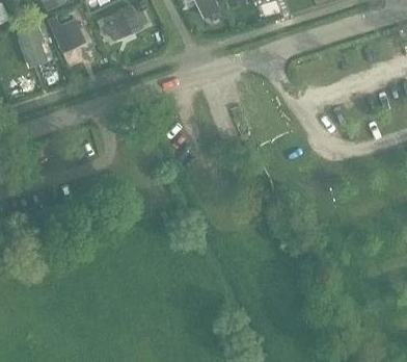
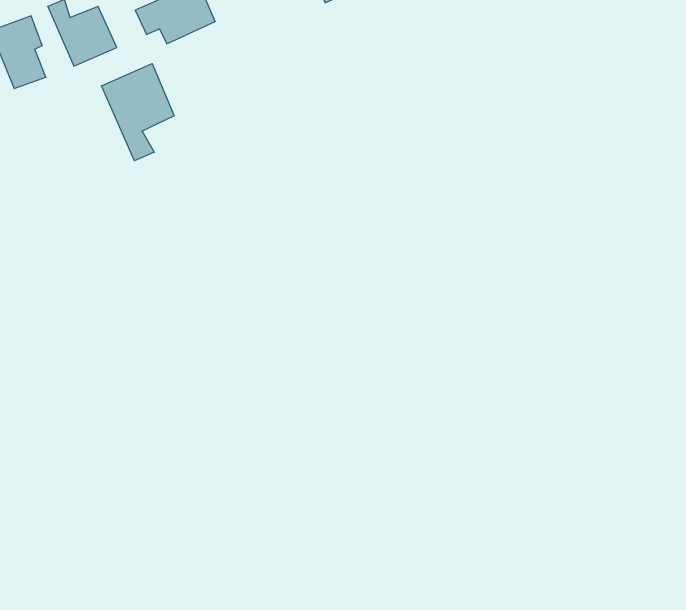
building: none -> [102,64,174,161]

